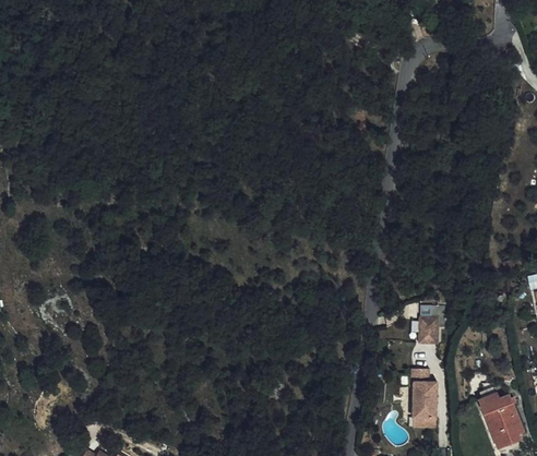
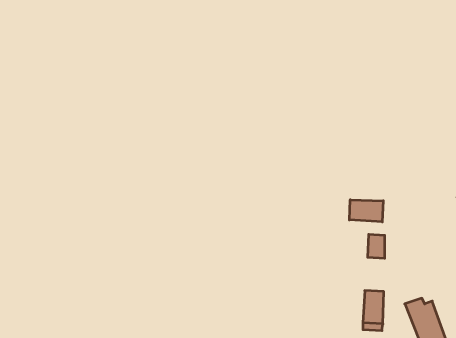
building: none -> [349,200,383,222]

